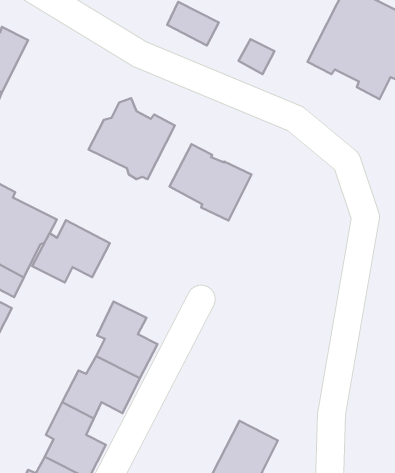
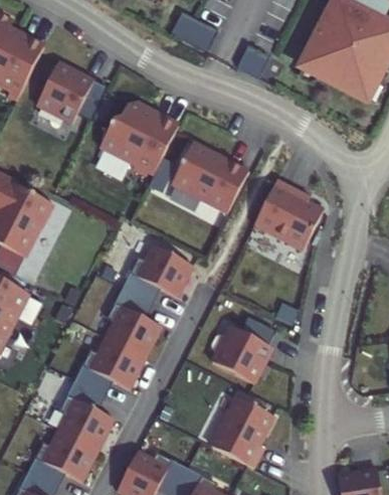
building: none -> [35,62,107,123]
building: none -> [253,178,323,250]
building: [32,220,110,283] -> [122,244,193,302]
building: none -> [211,317,274,382]

